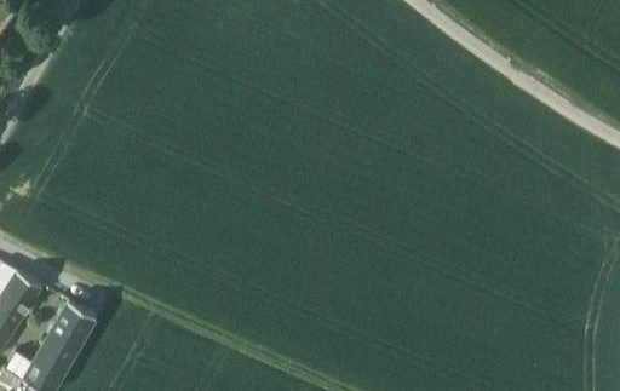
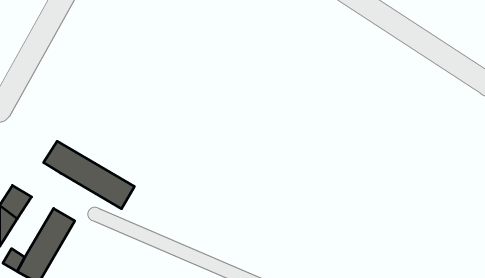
building: none -> [44,141,134,209]

